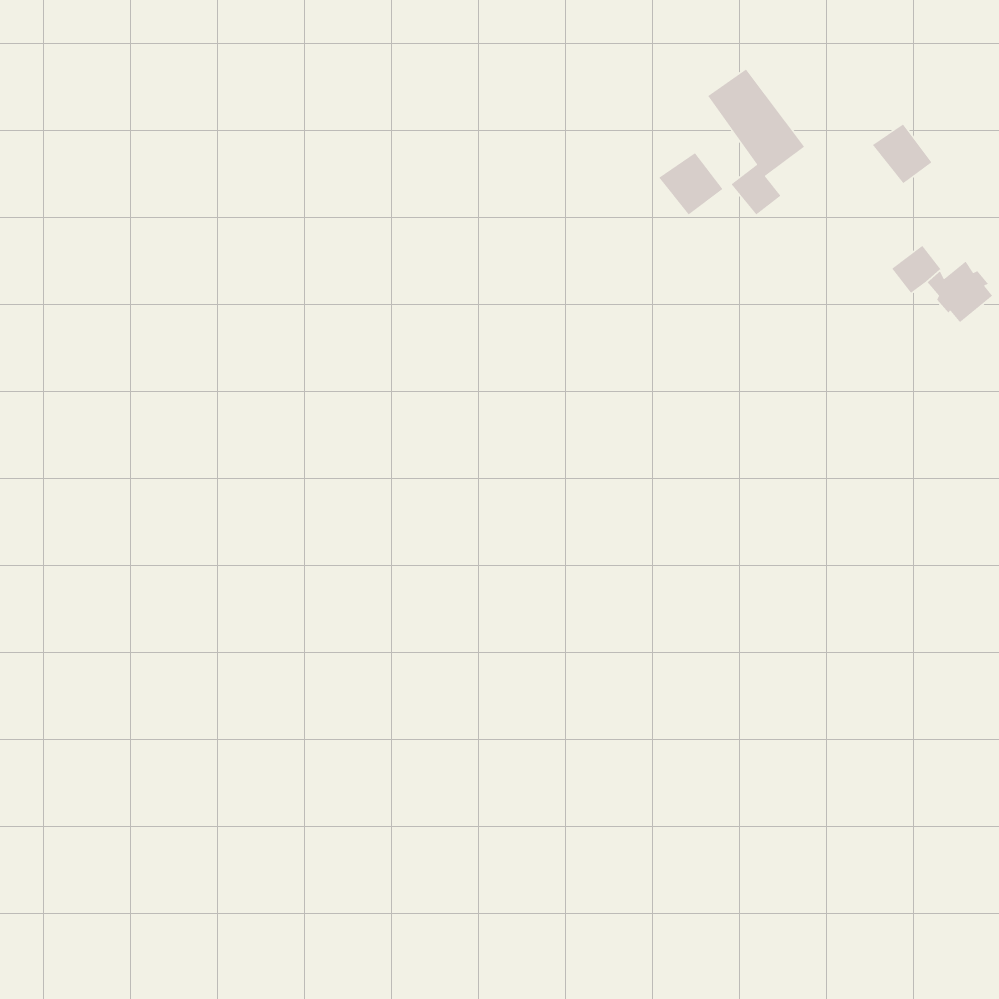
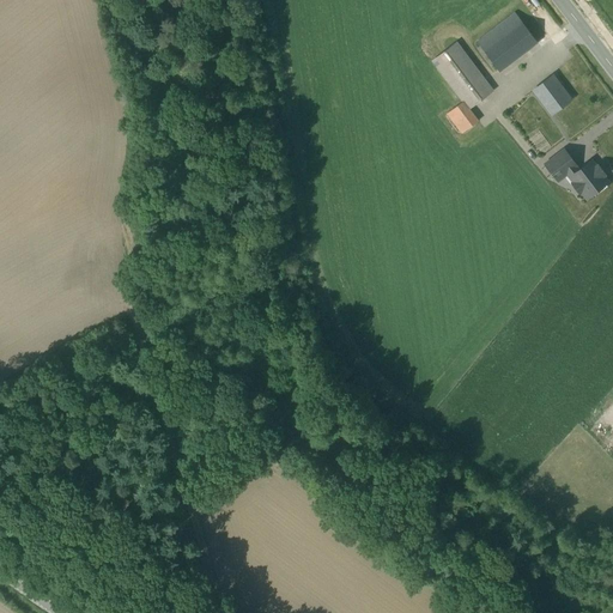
building: none -> [478,12,538,71]
building: [658,152,723,215] -> none

